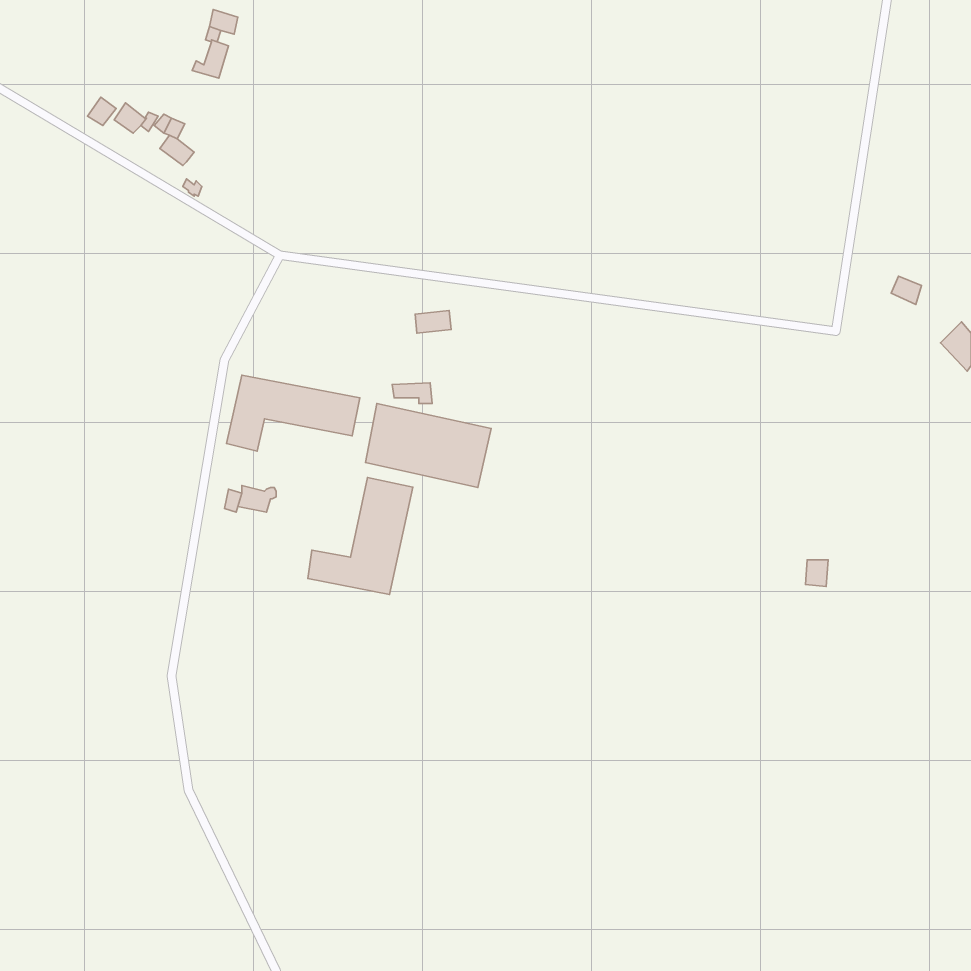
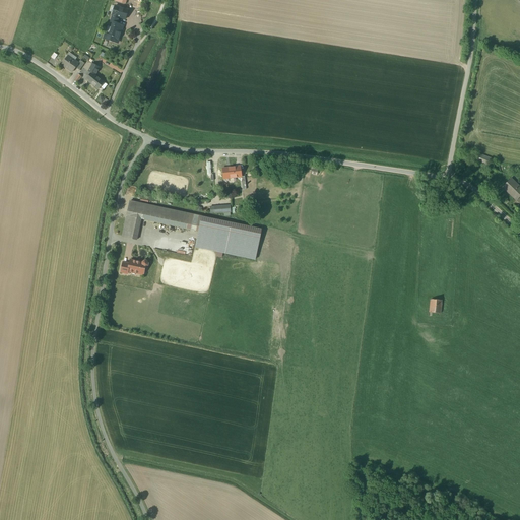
building: [308,478,413,594] -> none

